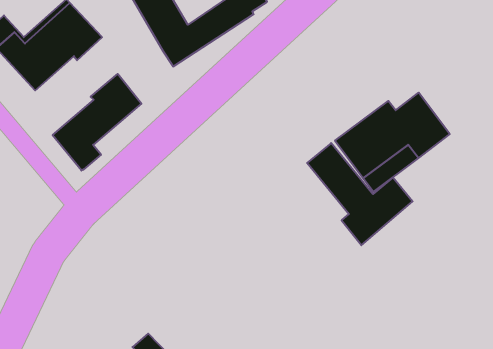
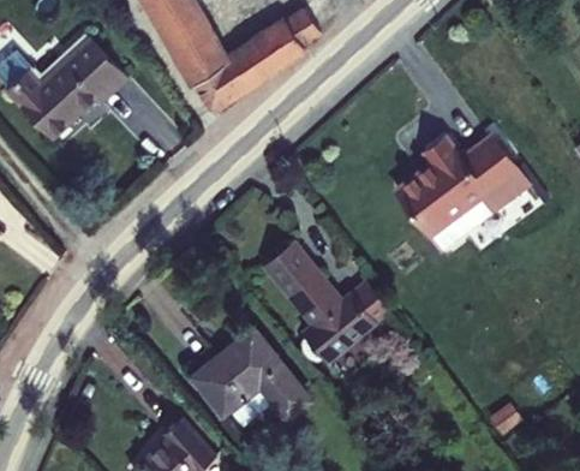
building: [53,74,141,171] -> none
building: [307,143,413,245] -> [267,243,388,360]
building: none -> [193,329,310,423]

